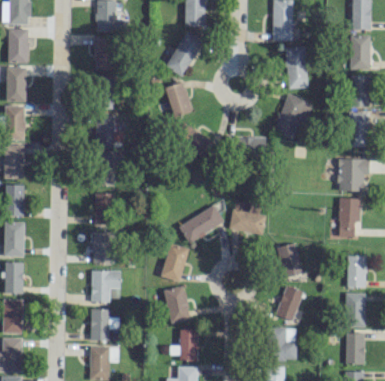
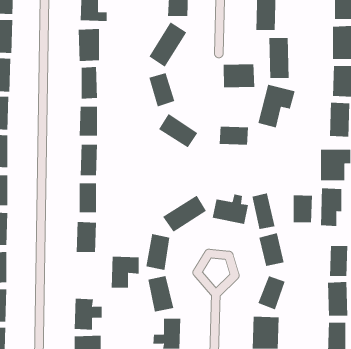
building: none -> [223,63,255,88]
building: none -> [252,193,275,230]
building: none -> [293,194,312,223]
building: [91,270,120,302] -> [111,256,140,288]

